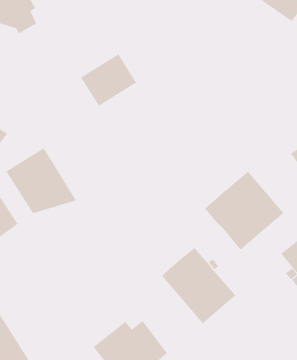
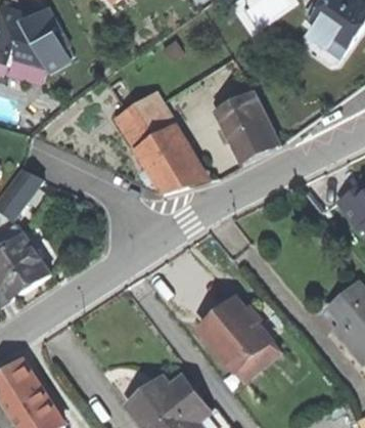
building: none -> [217,91,278,162]
building: [6,147,77,214] -> [133,123,209,194]
building: [204,171,284,251] -> none

